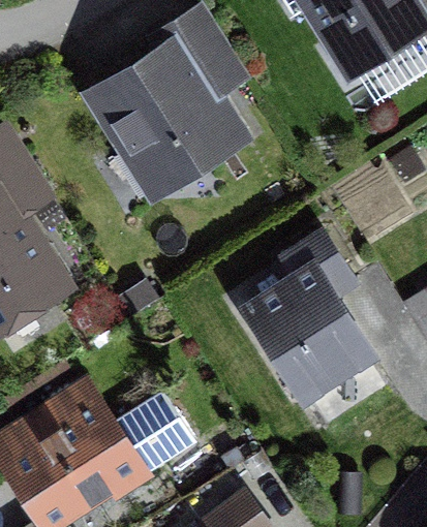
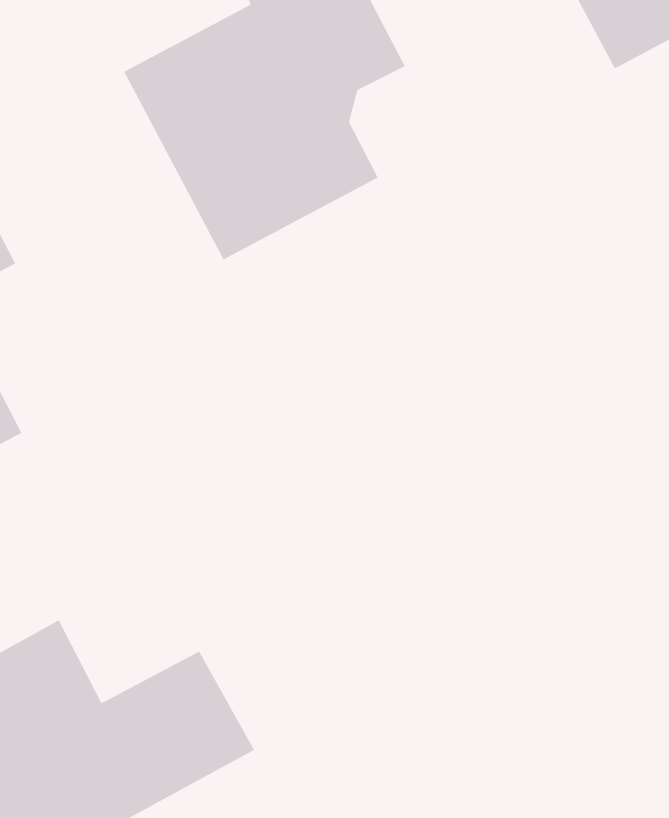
building: [245,234,375,403] -> none

